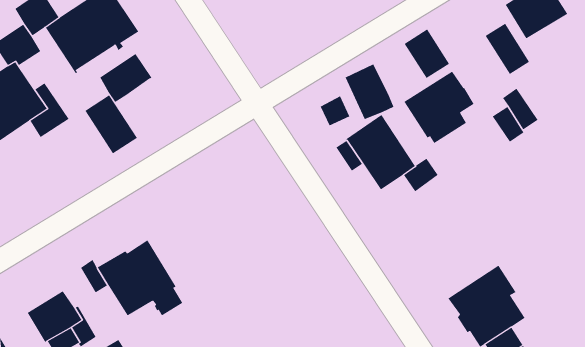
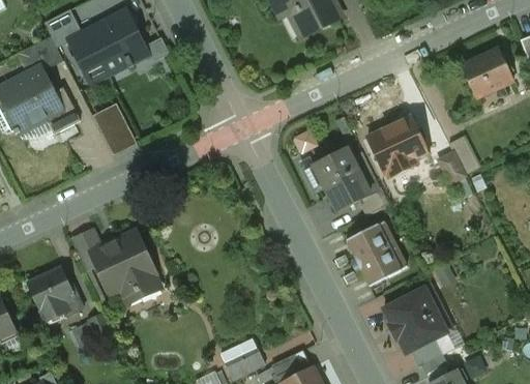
building: [485,23,530,75] -> none
building: [404,28,450,79] -> none
building: [99,53,152,103] -> none
building: [345,64,394,120] -> none
building: none -> [346,220,407,285]

